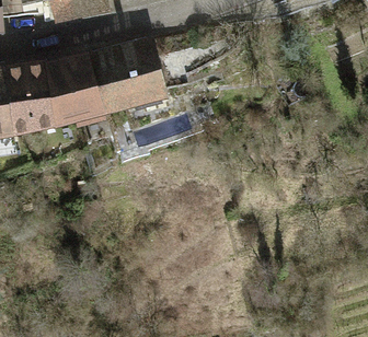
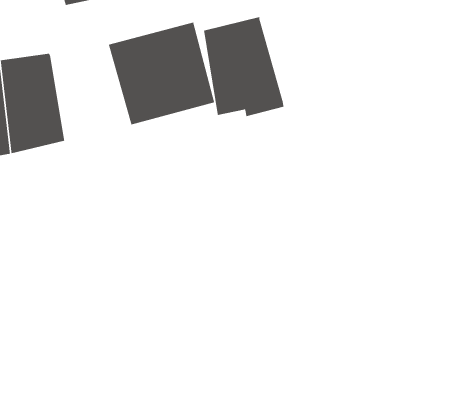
building: [43,50,105,128] -> [203,16,284,117]

